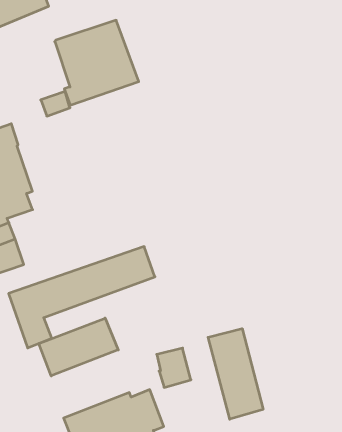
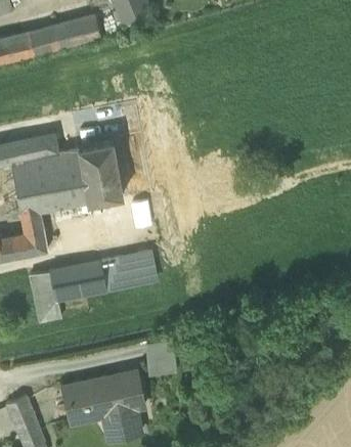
building: [55,20,139,105] -> [56,142,122,208]
building: [39,318,118,376] -> none
building: [208,329,263,419] -> none

